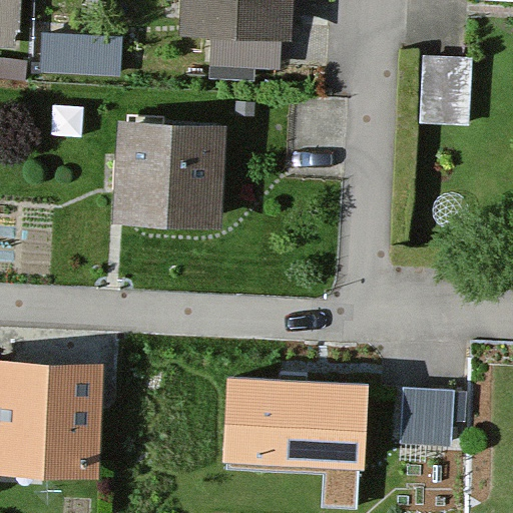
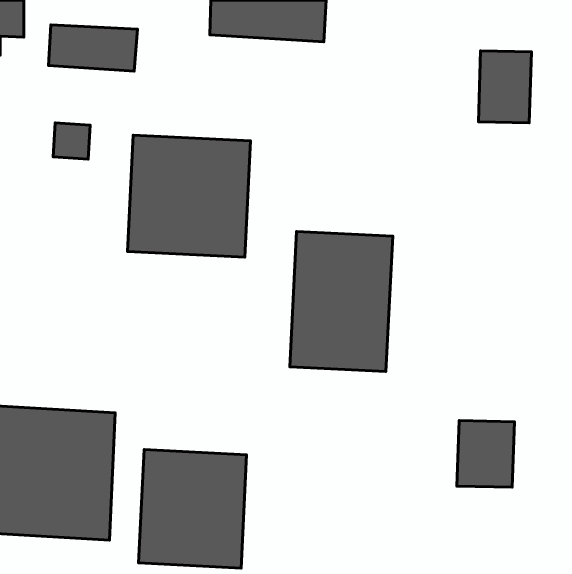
building: none -> [290,231,393,372]
building: [218,381,362,471] -> none
building: none -> [138,450,247,568]

